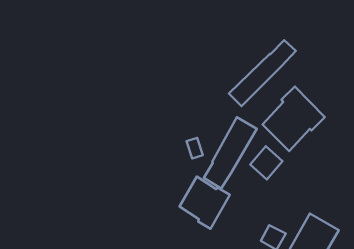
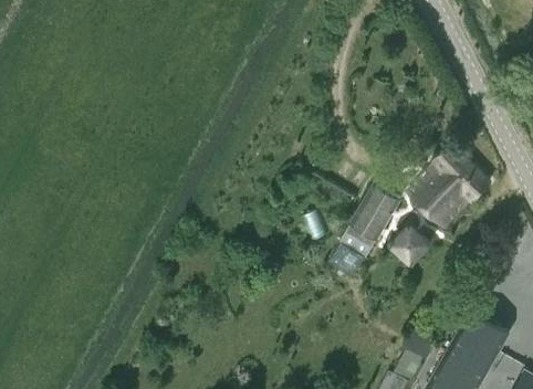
building: [229,40,296,106] -> none
building: [179,177,230,229] -> none

